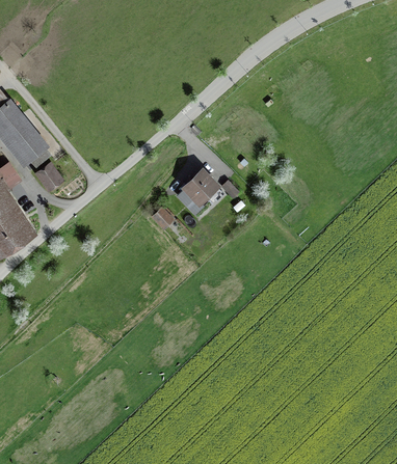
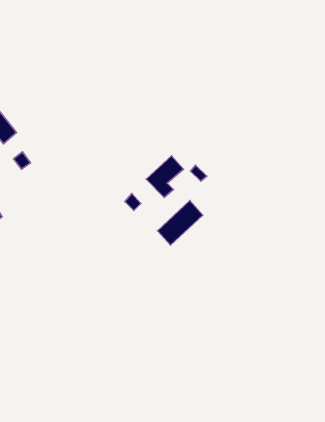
building: none -> [157,201,203,245]

